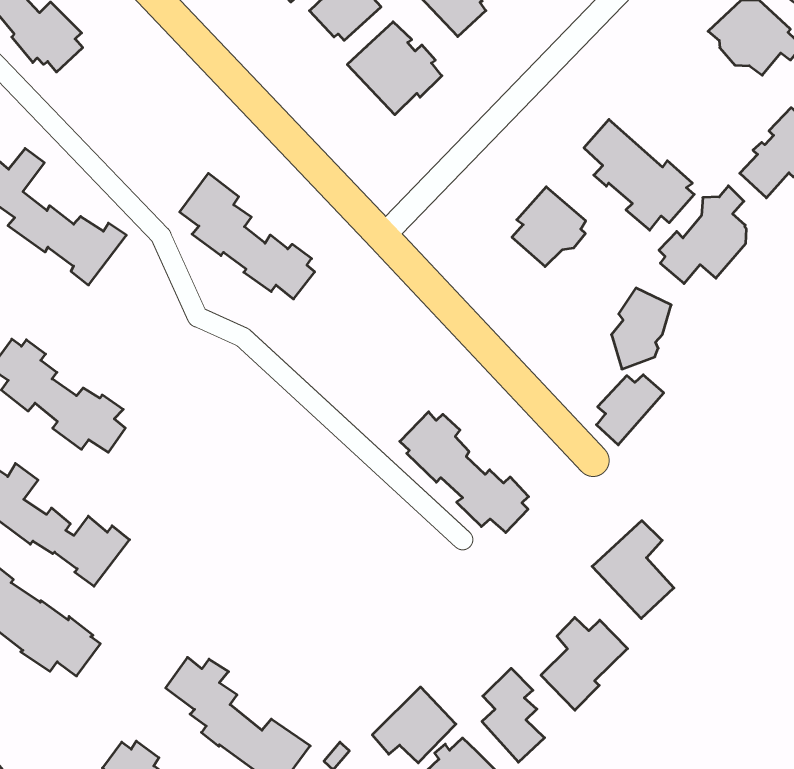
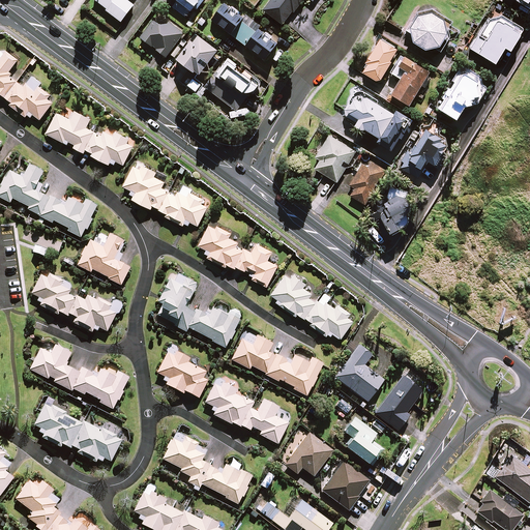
building: none -> [361,38,398,81]
building: none -> [48,111,131,164]
building: none -> [391,56,430,105]
building: none -> [78,234,128,285]
building: none -> [198,226,276,286]
building: [596,375,664,445] -> [349,161,385,204]
building: none -> [158,278,238,347]
building: none -> [156,352,206,398]
building: none -> [231,336,322,396]
building: [592,521,674,619] -> [333,346,382,402]
building: none -> [205,382,287,443]

